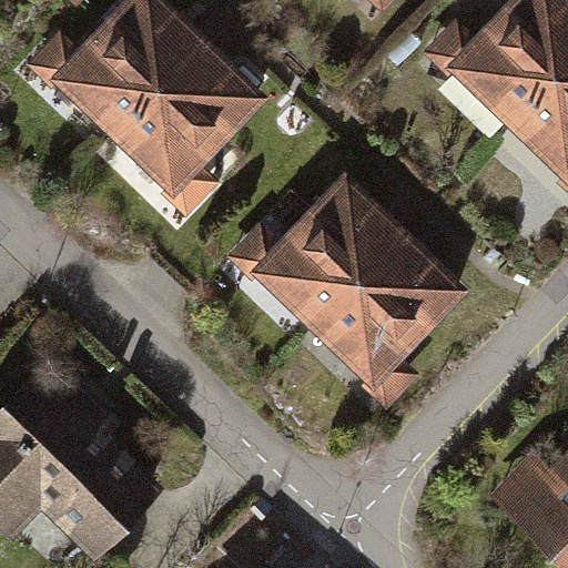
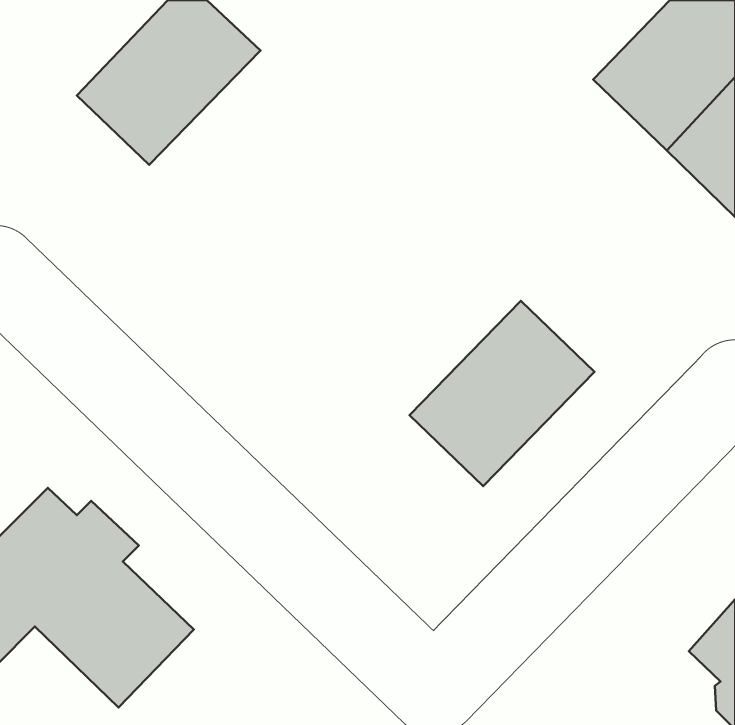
building: [114,50,255,191] -> none
building: [258,189,399,329] -> none

